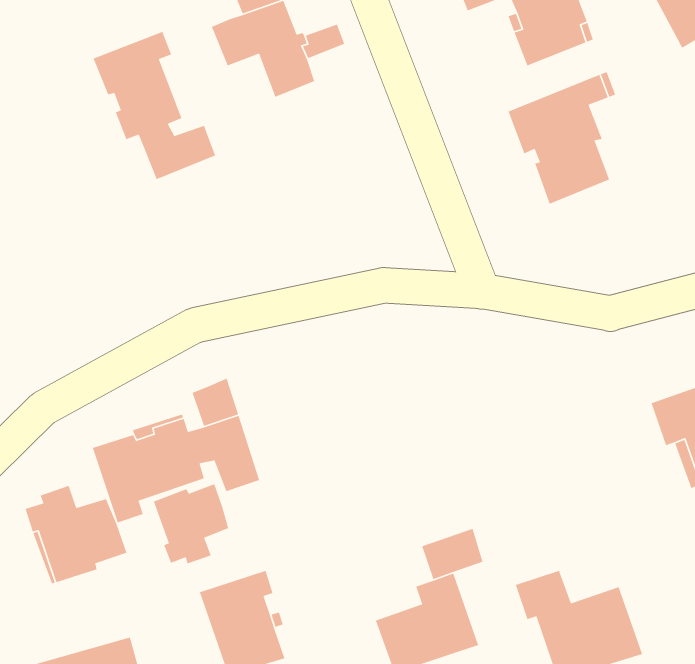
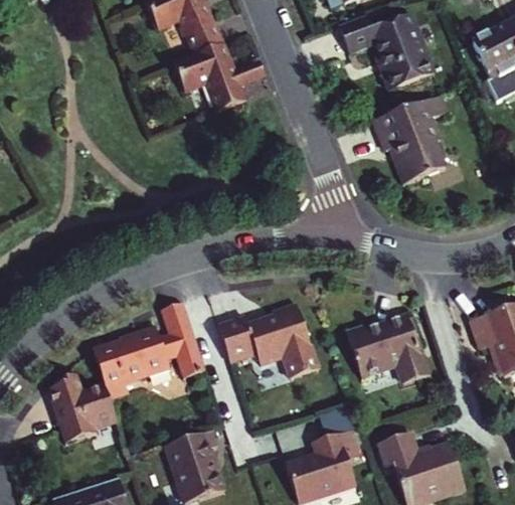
building: [93,31,216,180] -> none
building: none -> [218,303,322,385]
building: none -> [347,315,431,383]
building: [153,483,229,564] -> none

